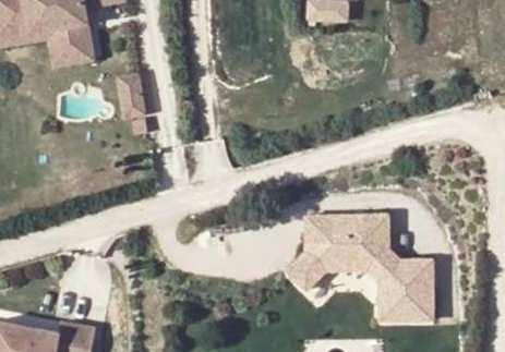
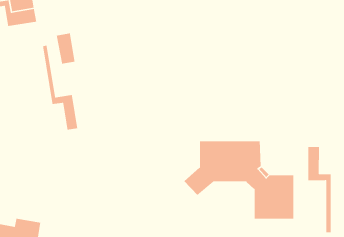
building: none -> [42,45,78,131]
building: none -> [307,146,331,233]

